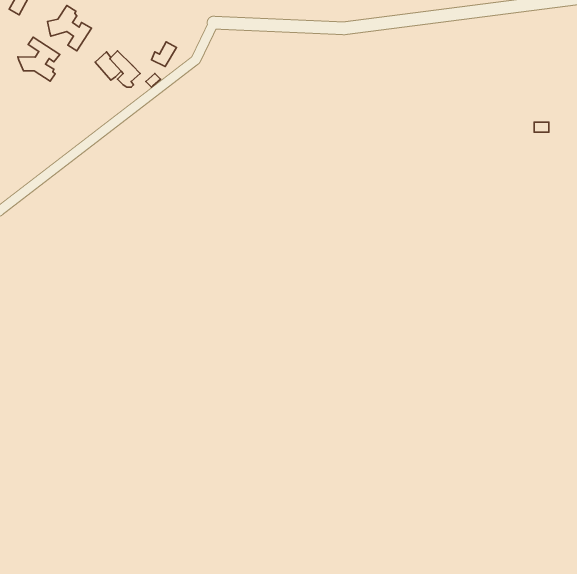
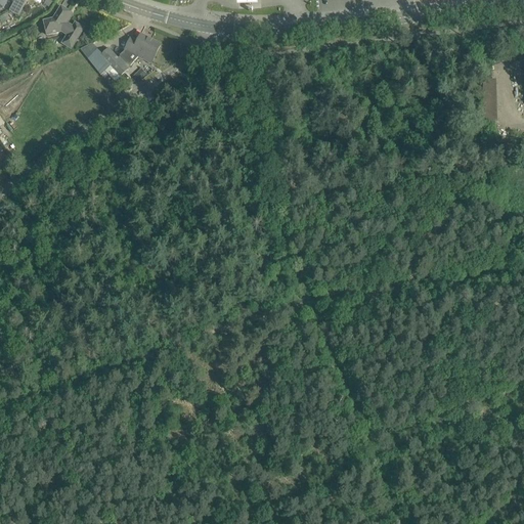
building: none -> [119,33,150,63]
building: [18,37,60,81] -> none

